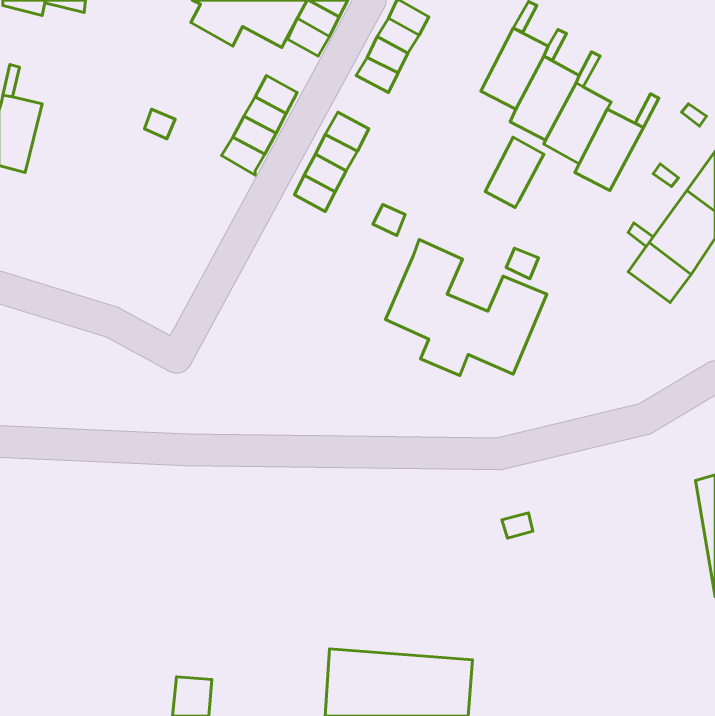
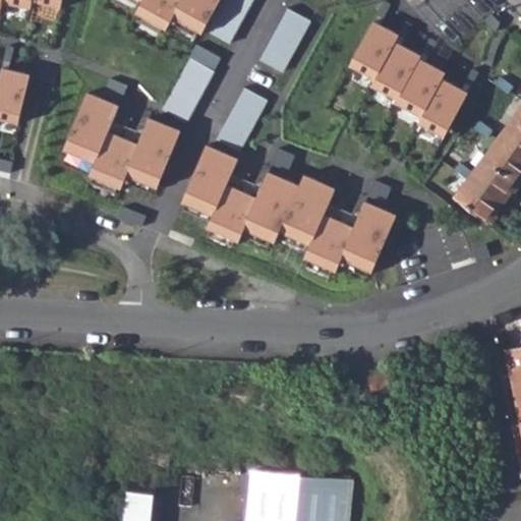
building: none -> [64,94,181,189]
building: [485,137,544,208] -> none
building: none -> [182,146,300,241]

